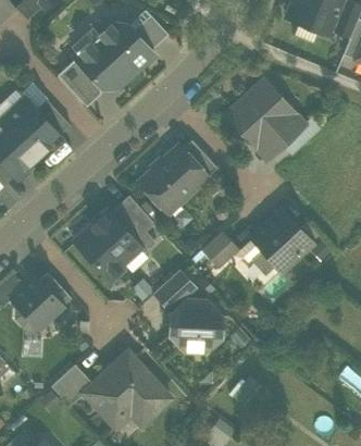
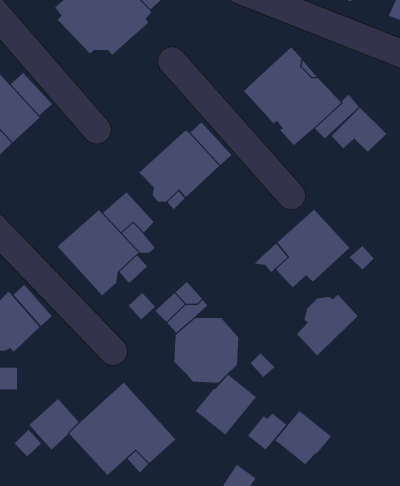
building: [59,60,101,107] -> none
building: none -> [331,107,387,153]
building: [201,231,239,269] -> none
building: none -> [296,294,358,356]
building: none -> [195,374,257,436]
building: none -> [275,410,332,465]

